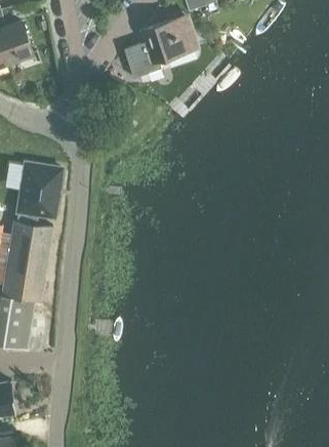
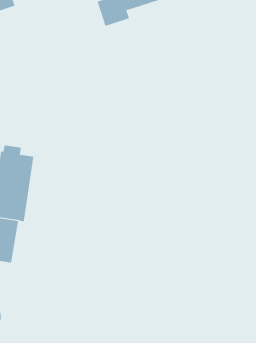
building: [17,162,63,217] -> none

